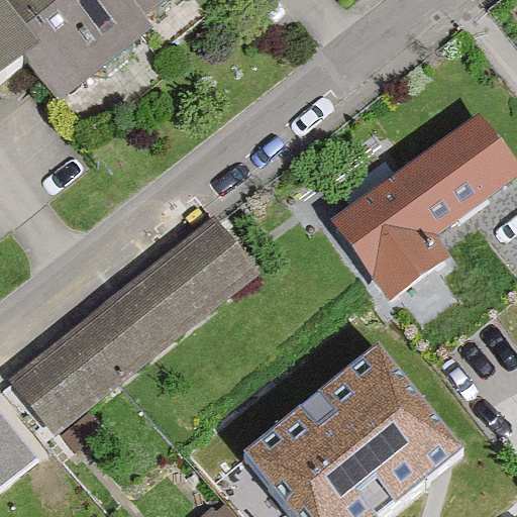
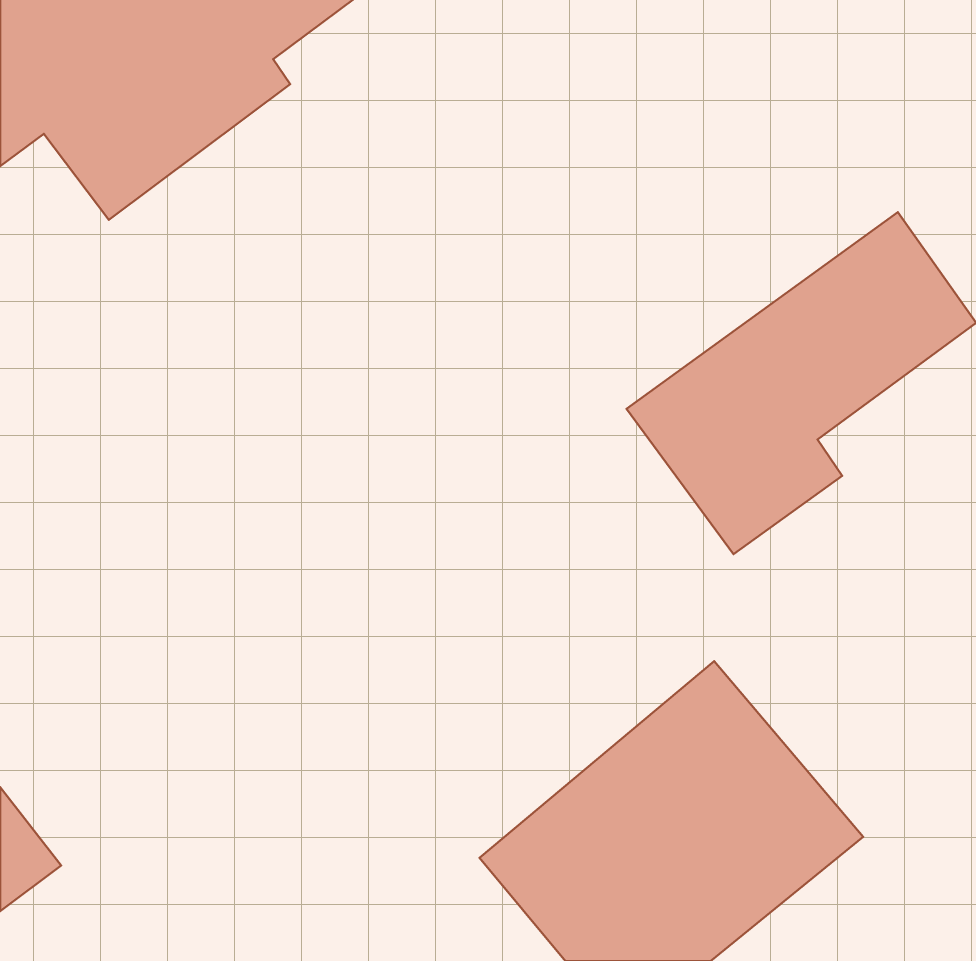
building: [11,221,257,436] -> none

